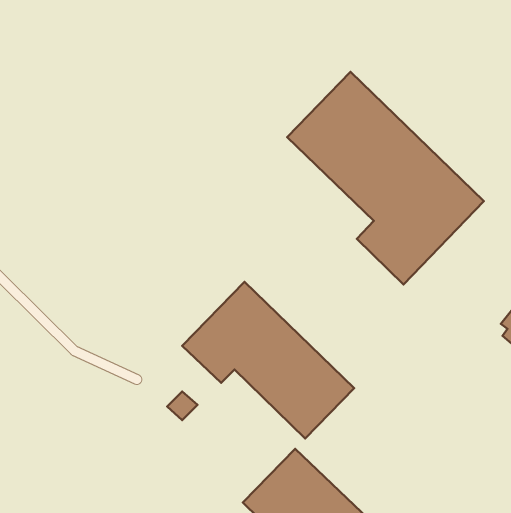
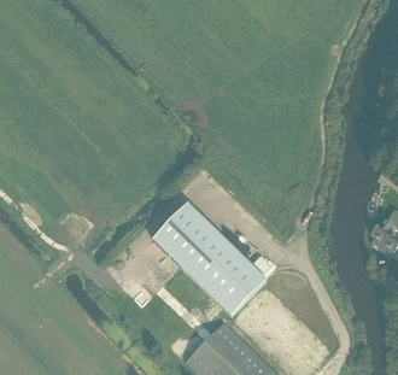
building: [287,72,484,284] -> none

